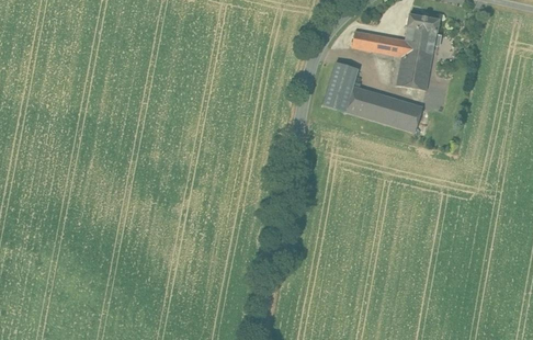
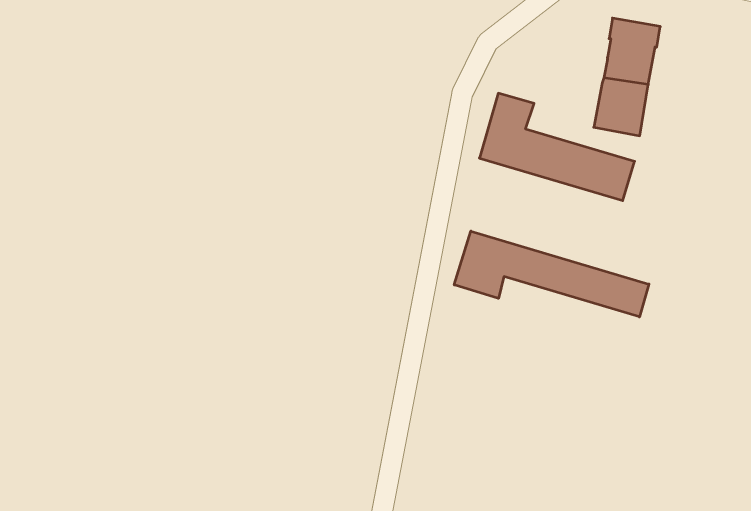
building: [352,31,406,56] -> none
building: none -> [454,231,649,317]

